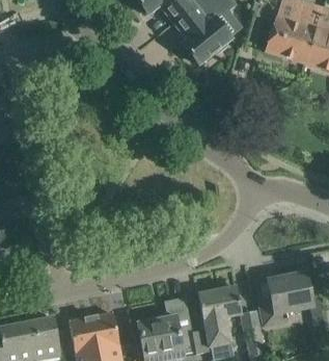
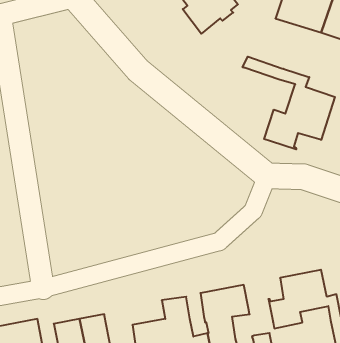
building: none -> [243,57,335,149]

